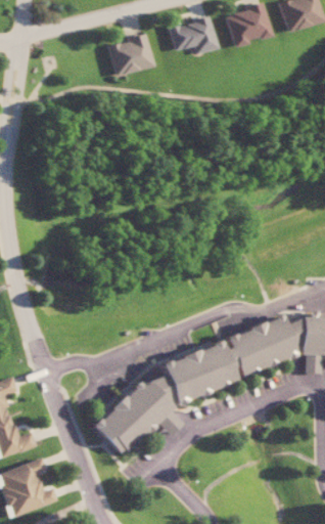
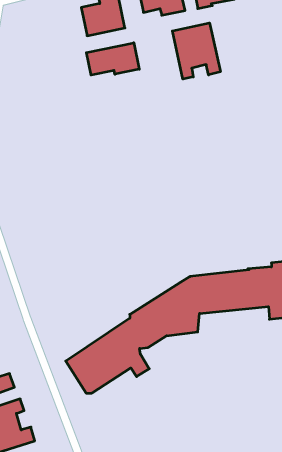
building: none -> [172,23,220,79]
building: none -> [86,43,139,75]

